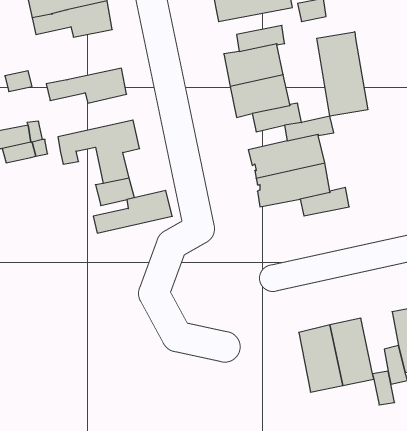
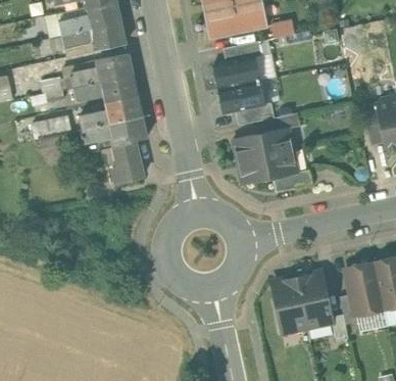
building: [317,32,368,116] -> none
building: none -> [63,53,133,88]
building: [93,190,172,233] -> [80,95,142,129]

